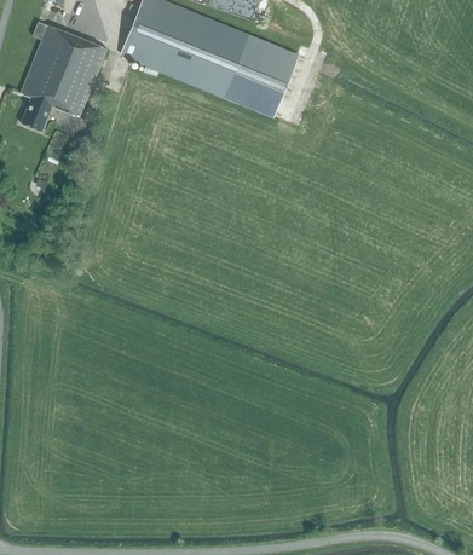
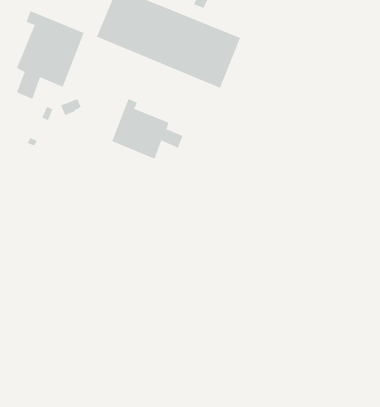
building: none -> [112,98,183,159]

